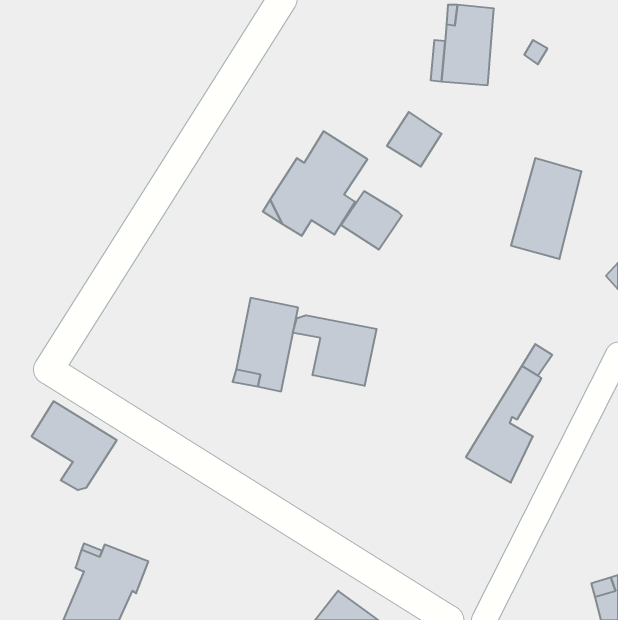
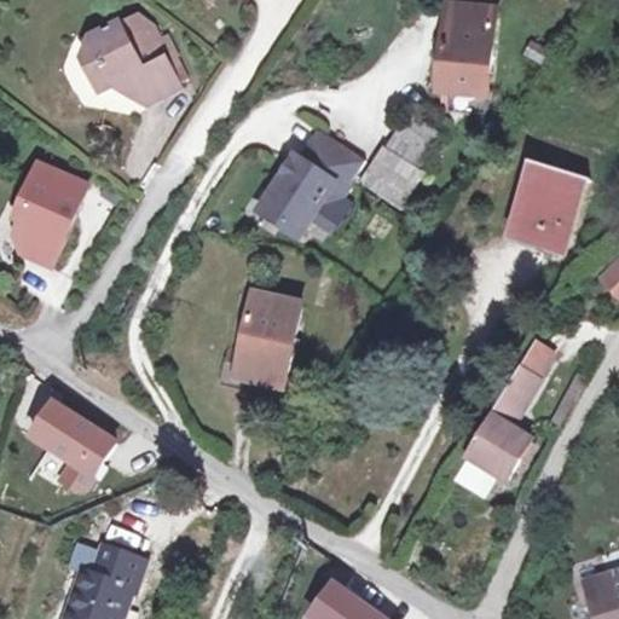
building: none -> [74,22,187,112]
building: none -> [23,172,88,271]
building: [341,191,402,250] -> [361,145,422,203]
building: [293,315,377,386] -> none

